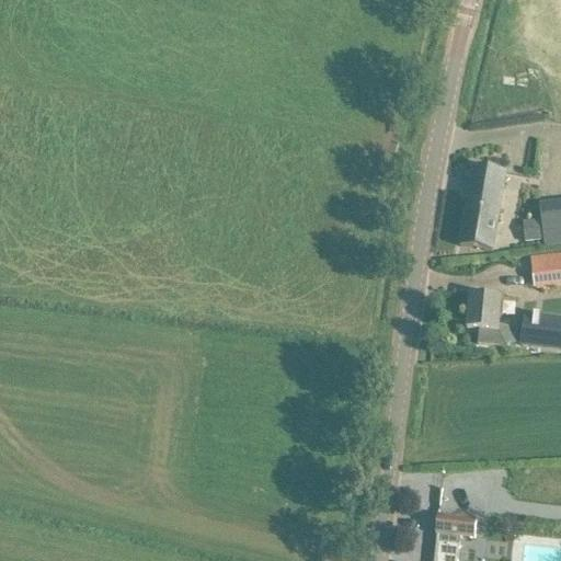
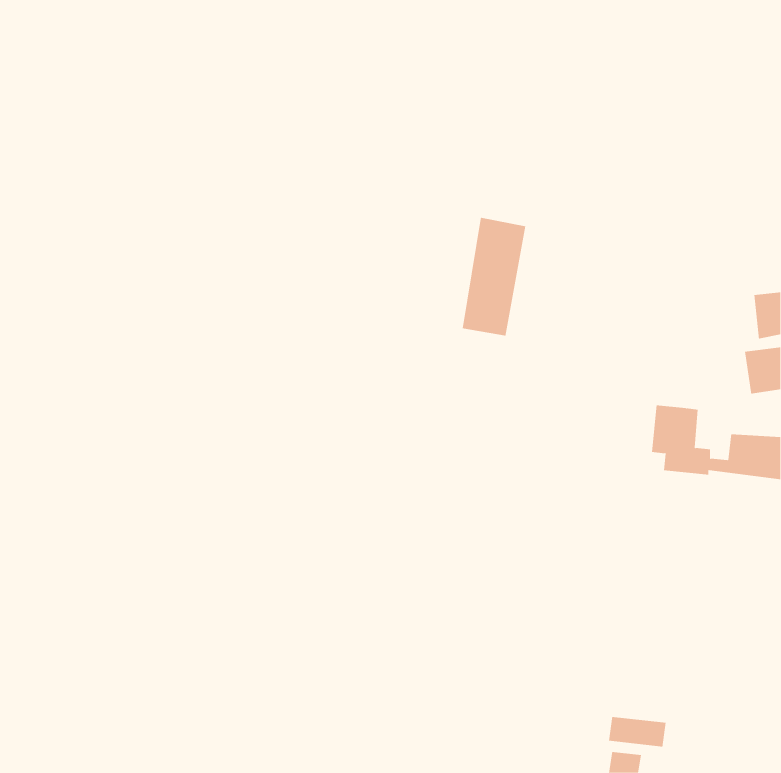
building: [460,162,506,248] -> [462,217,526,336]

